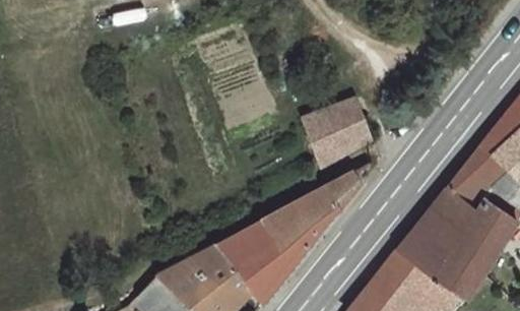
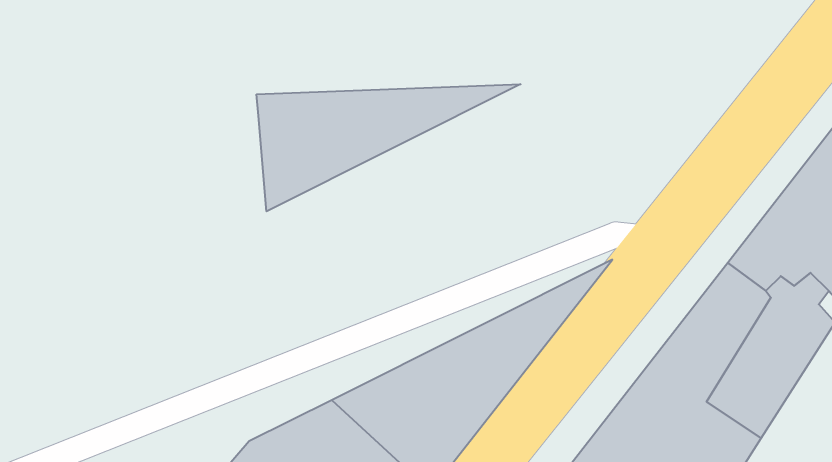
building: none -> [257,84,521,211]
building: [316,102,382,168] -> none

